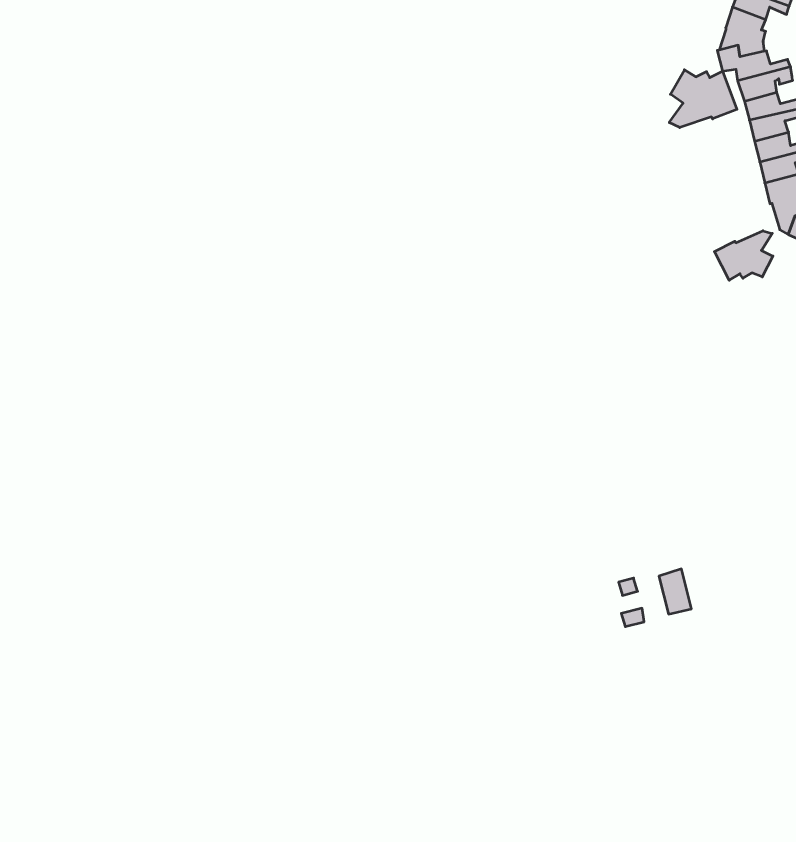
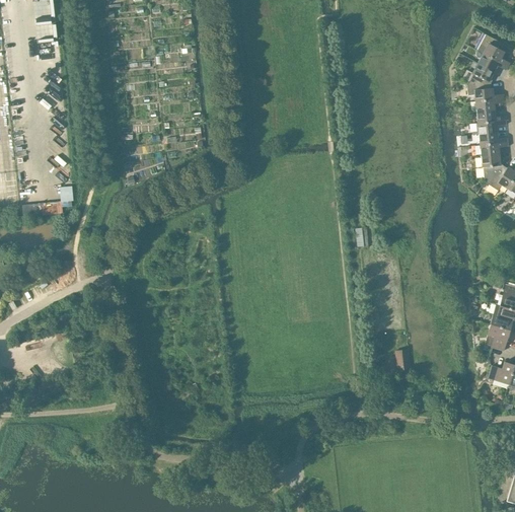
building: [669,70,737,128] -> none
building: [714,231,773,280] -> none

